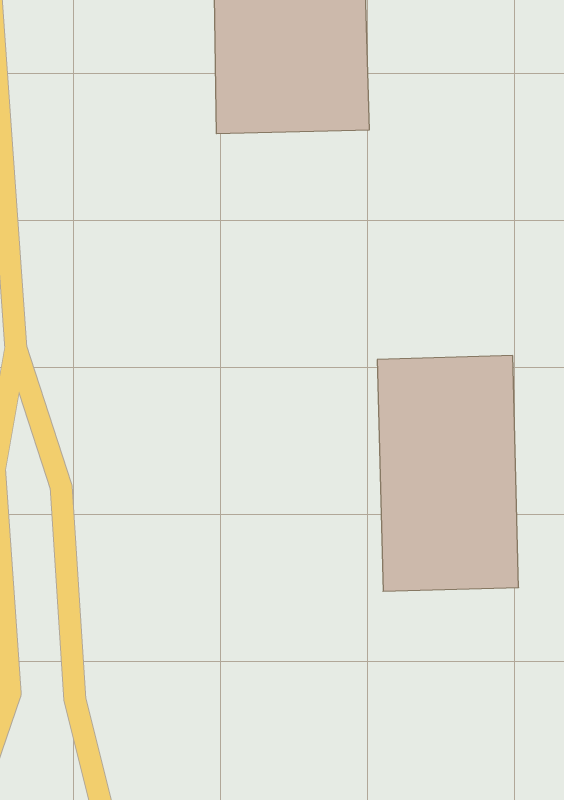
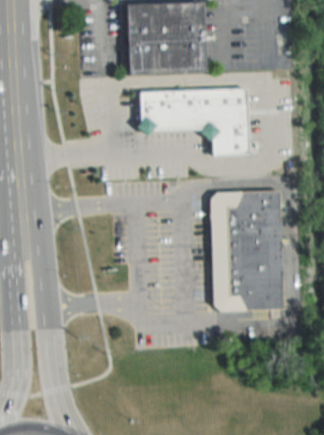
building: none -> [138,87,249,156]

